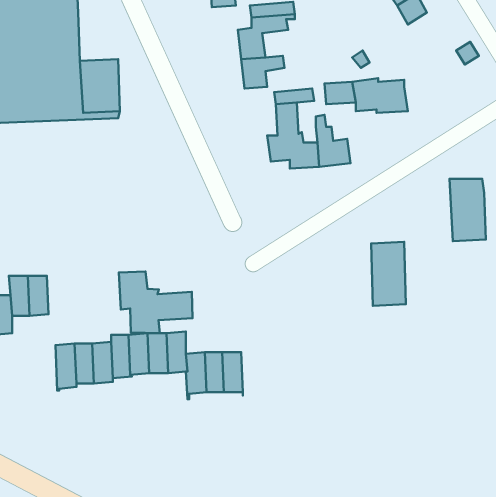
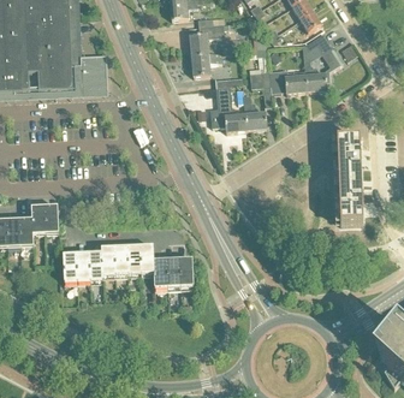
building: none -> [302,32,343,91]
building: [371,242,406,306] -> [338,180,362,225]
building: [119,271,193,333] -> none

